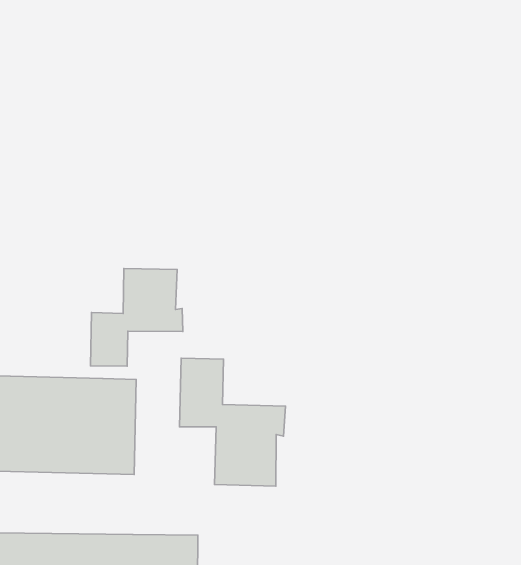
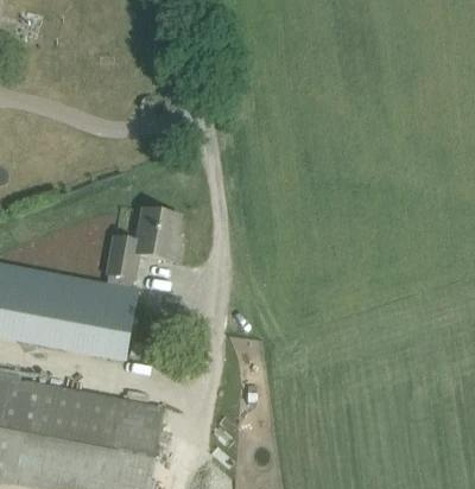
building: [180,358,286,486] -> none

